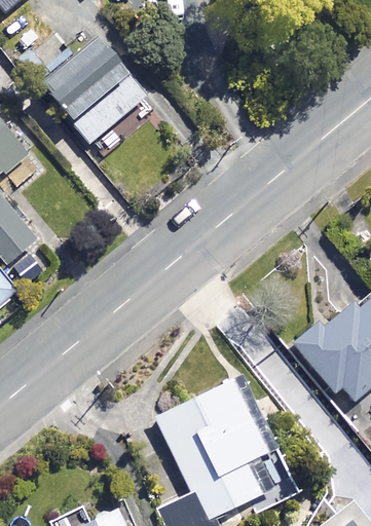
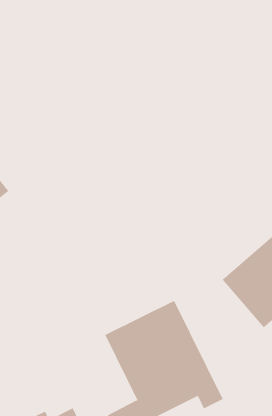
building: [37,32,149,144] -> none

